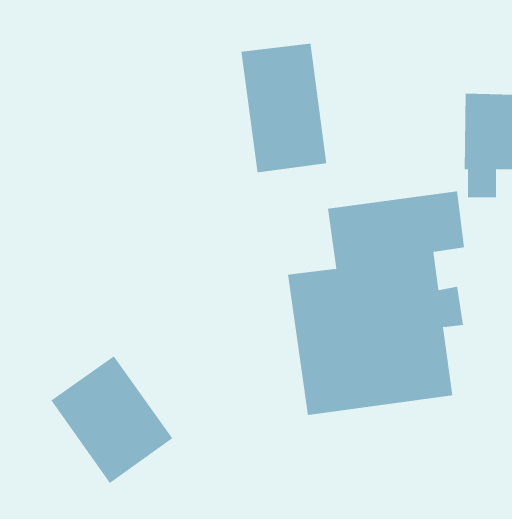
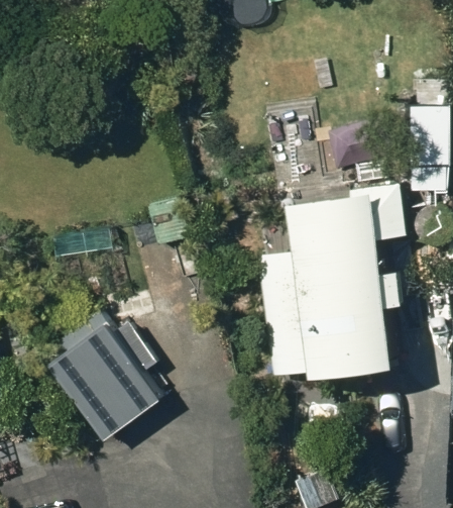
building: [241,43,327,173] -> none

